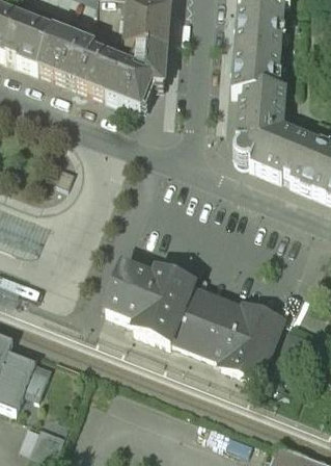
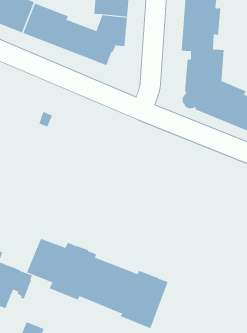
building: [106,261,281,373] -> [26,238,168,329]

